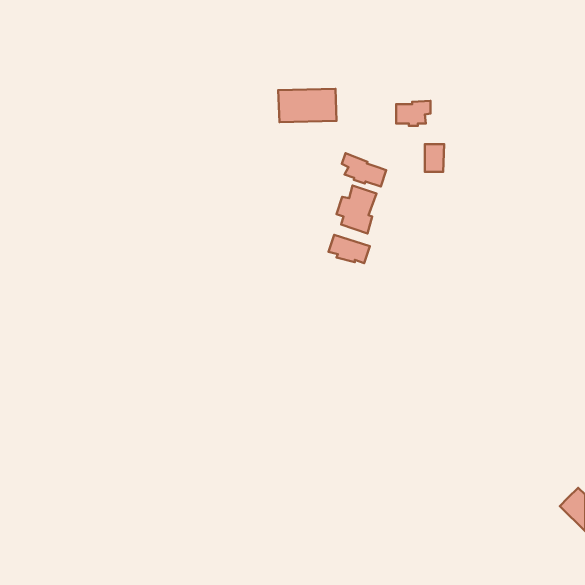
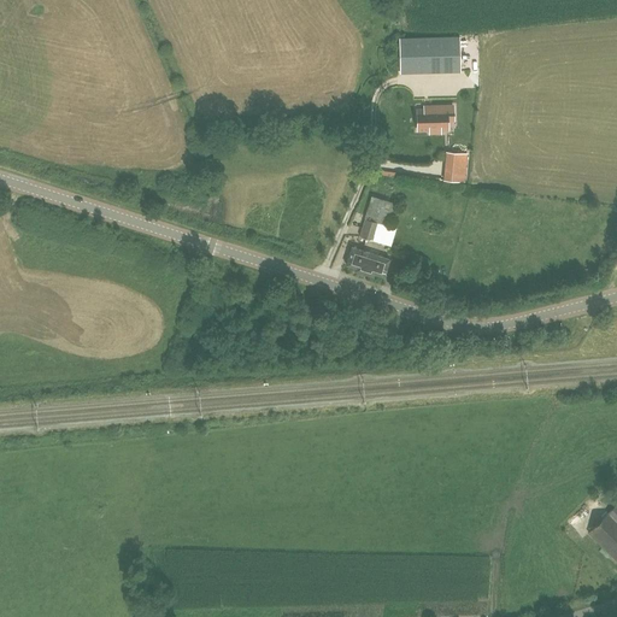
building: [278,89,337,122] -> [399,37,460,72]
building: [342,153,386,187] -> none

